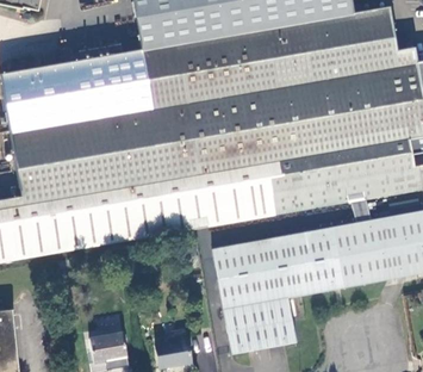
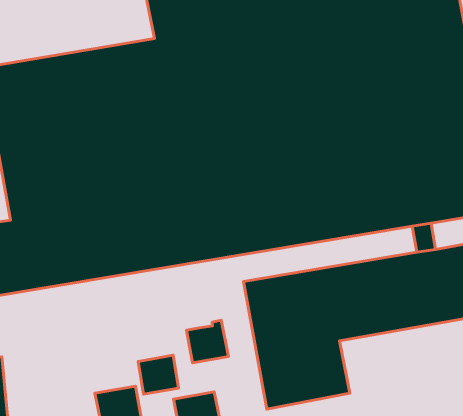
building: none -> [187,320,228,363]
building: none -> [138,355,178,394]

